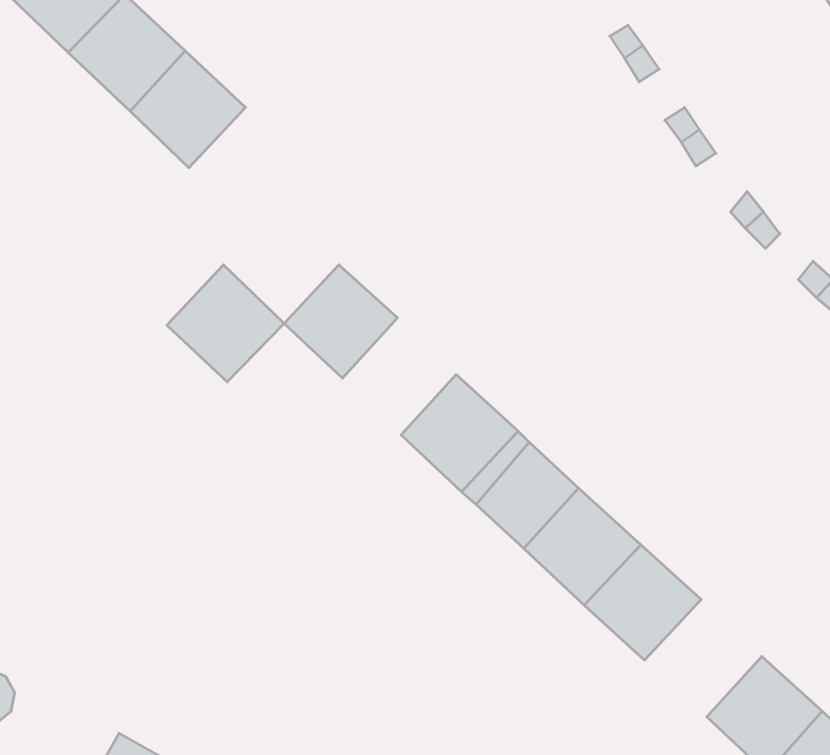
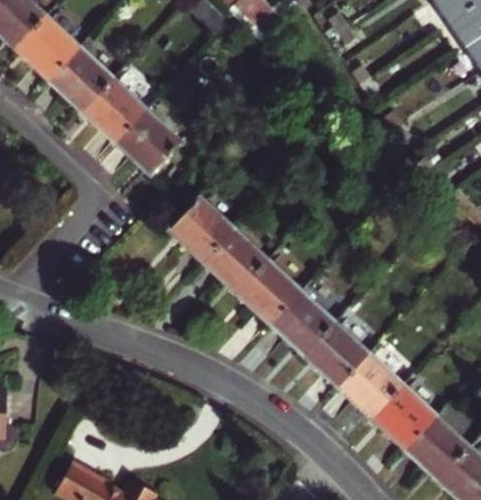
building: [167,265,284,382] -> [116,109,181,174]
building: none -> [202,227,265,292]
building: none -> [370,384,435,449]

